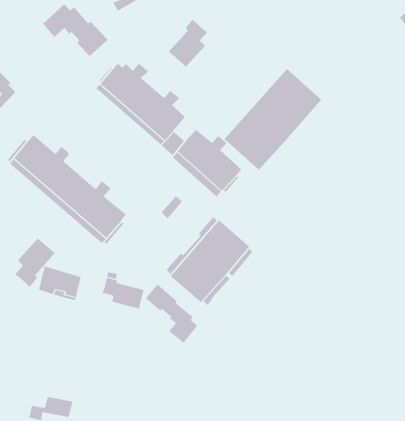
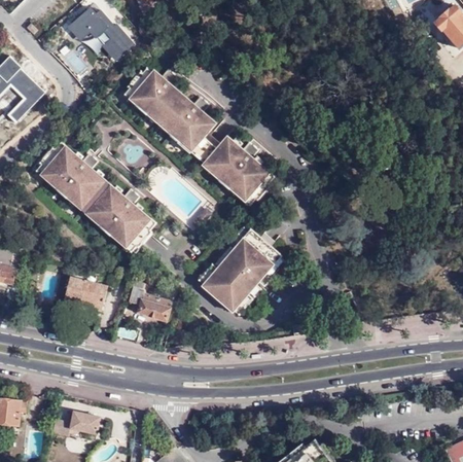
building: [168,19,208,67] -> none
building: [224,68,322,171] -> none
building: [14,237,56,288] -> none
building: [145,283,198,343] -> none

